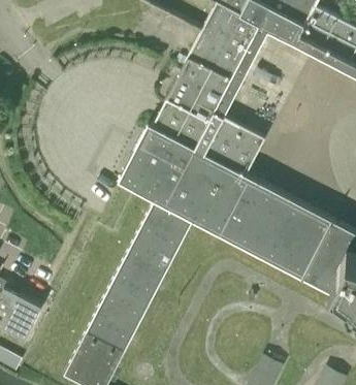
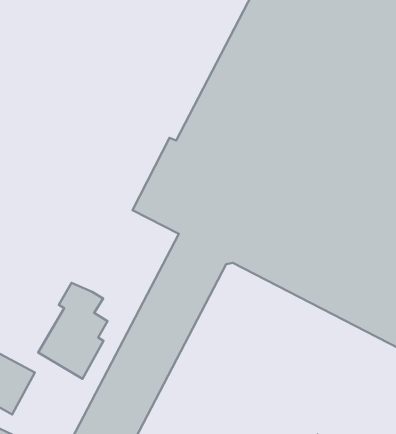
building: none -> [38,283,108,379]

